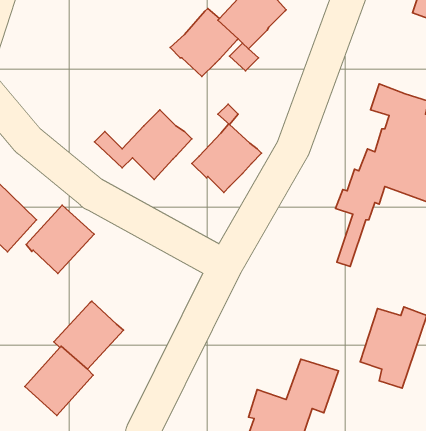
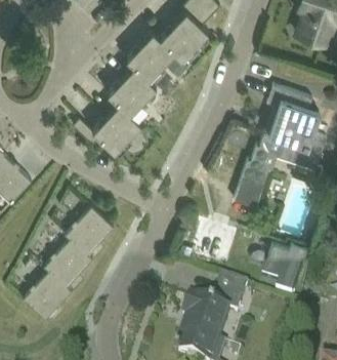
building: [192,124,262,192] -> [110,59,159,108]
building: [26,205,94,273] -> [68,200,116,248]

